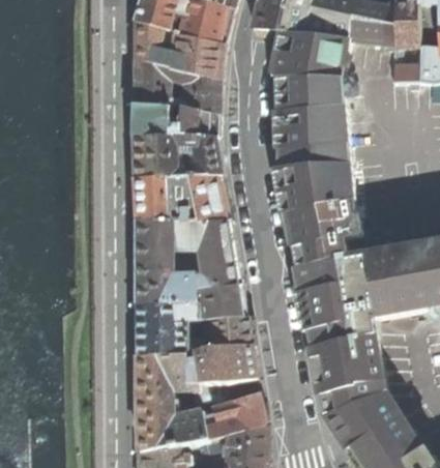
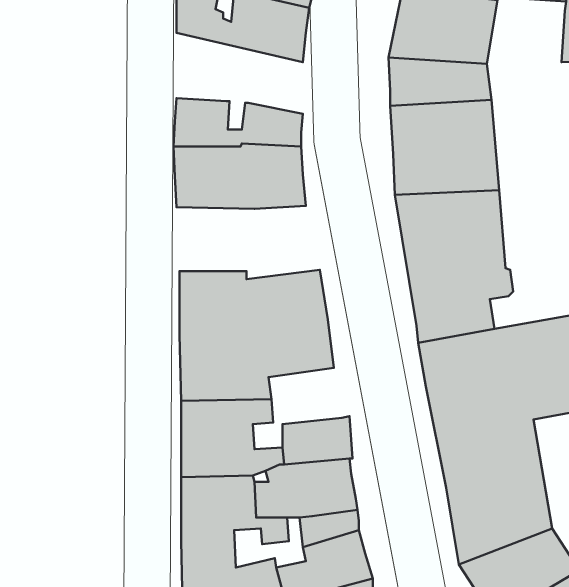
building: [135,60,218,114] -> none
building: [135,175,230,224] -> none
building: [196,283,244,320] -> none

